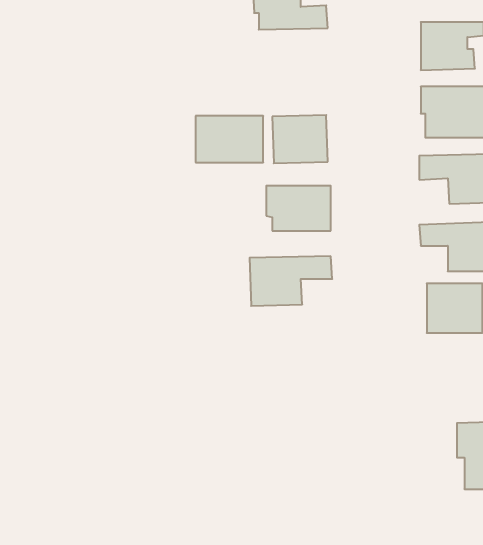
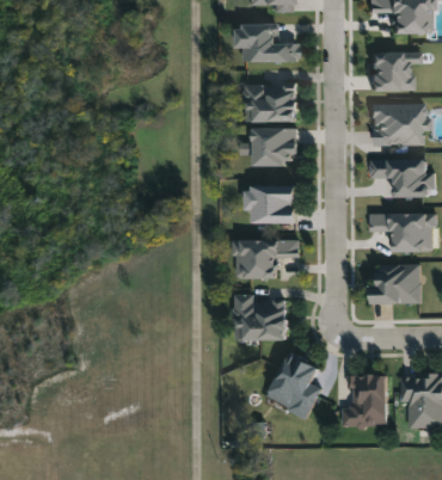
building: [196,116,263,162] -> [244,81,297,118]
building: none -> [234,291,287,338]
building: none -> [268,349,320,414]
building: none -> [342,371,388,425]

